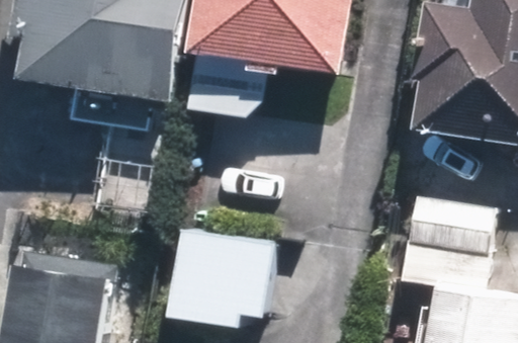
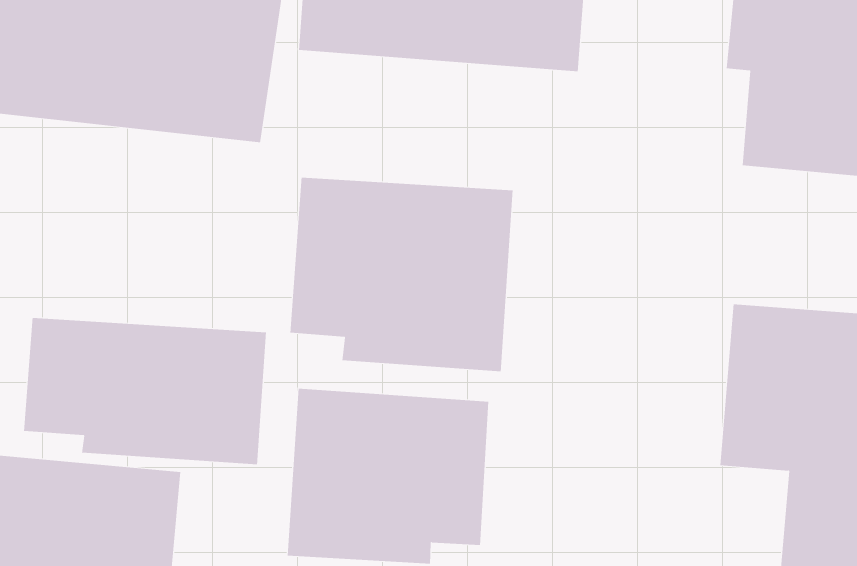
building: none -> [290,177,513,372]
building: none -> [23,317,266,465]

